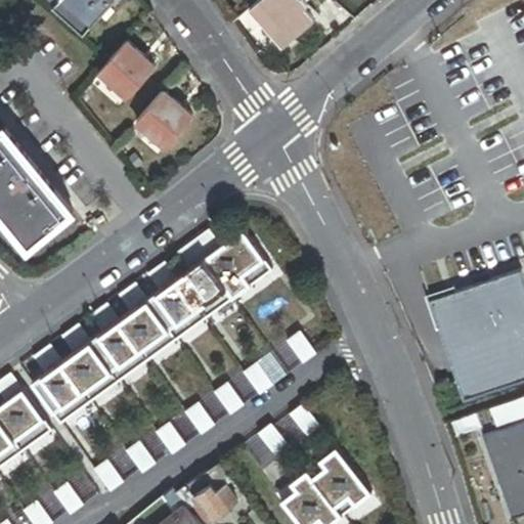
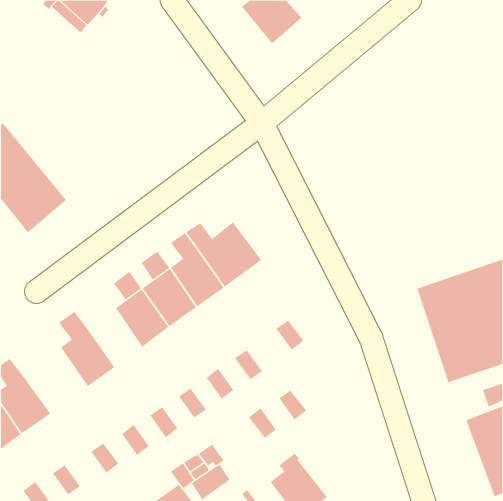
building: [98,43,155,100] -> none
building: [135,93,192,150] -> none
building: [89,304,147,384] -> none
building: [32,346,91,426] -> none
building: [310,449,372,519] -> none

